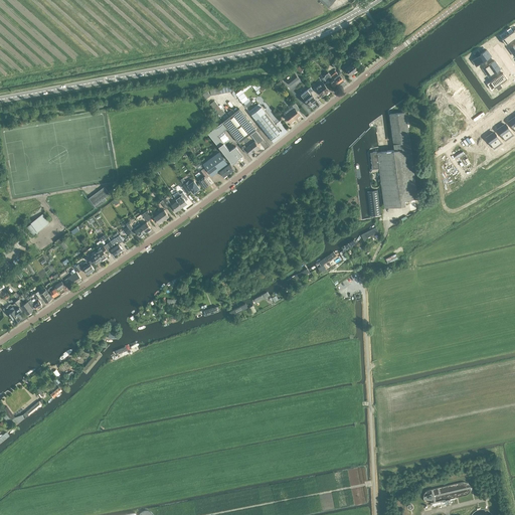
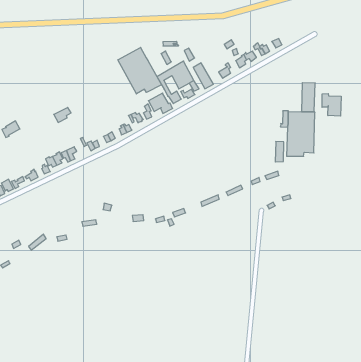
building: none -> [118,47,161,94]
building: none -> [322,94,341,116]

